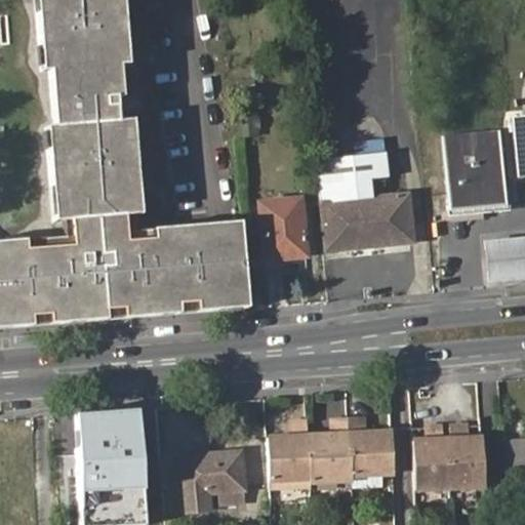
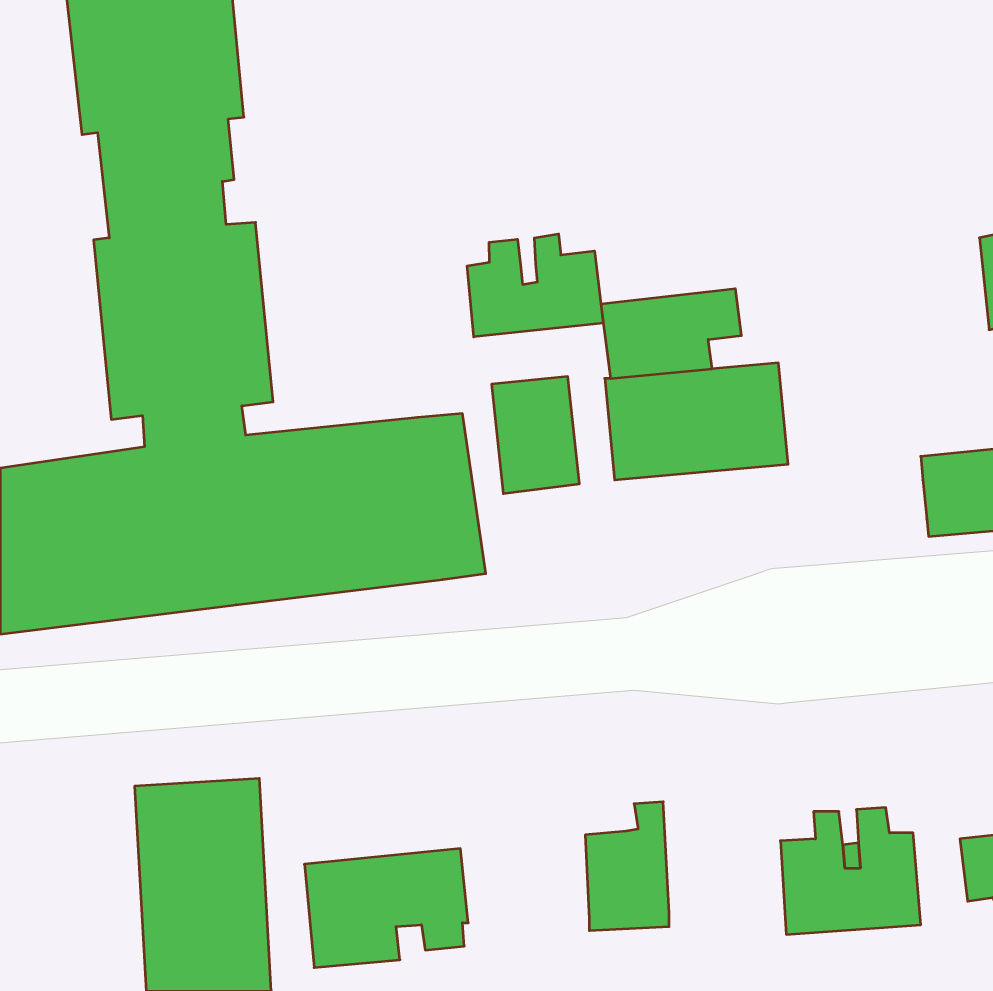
building: none -> [467,234,603,337]
building: [445,129,508,211] -> none
building: [351,421,395,480] -> none
building: [268,426,312,485] -> none

